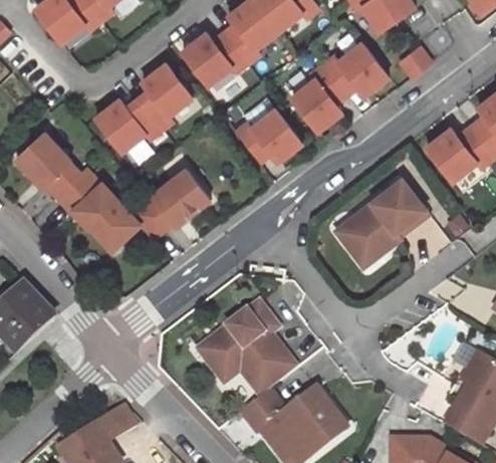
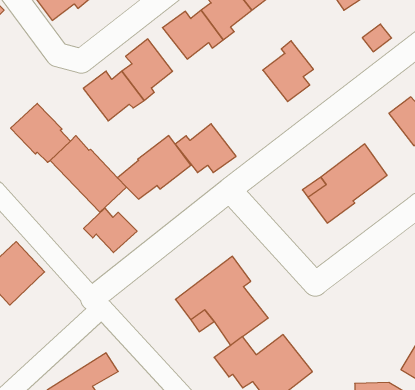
building: [322,43,389,96] -> none
building: [236,109,302,163] -> [175,124,236,173]
building: none -> [84,208,137,253]

